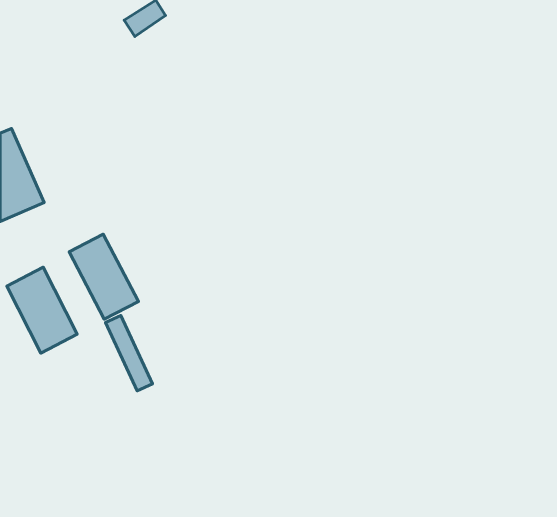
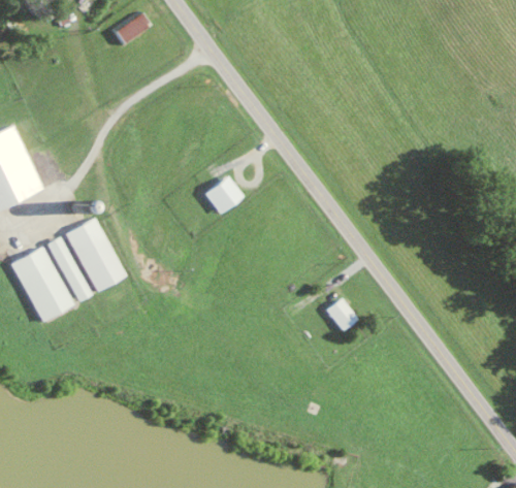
building: none -> [203,175,244,214]
building: [106,316,153,391] -> [49,236,90,302]
building: none -> [327,298,357,330]

